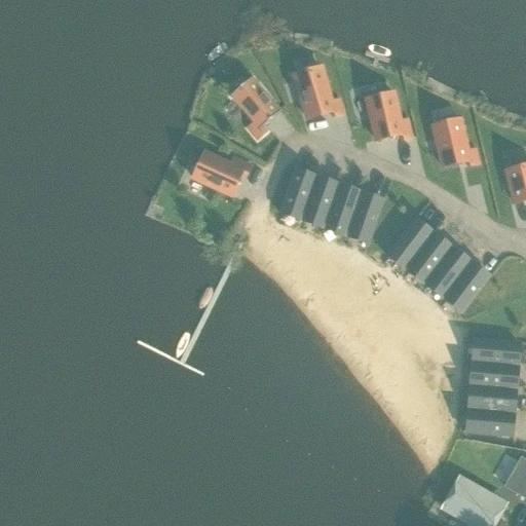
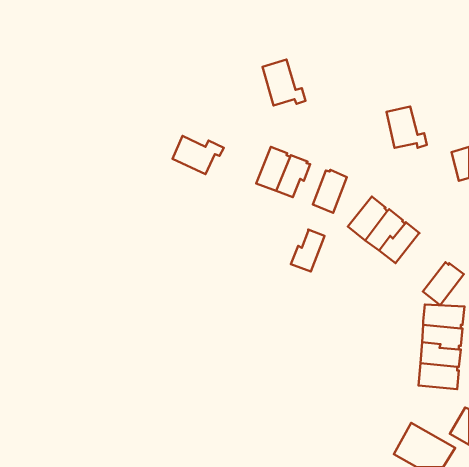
building: [230,77,280,139] -> none
building: [366,92,411,140] -> none
building: [328,182,366,229] -> [291,229,325,272]
building: [443,262,489,310] -> [423,262,464,305]

